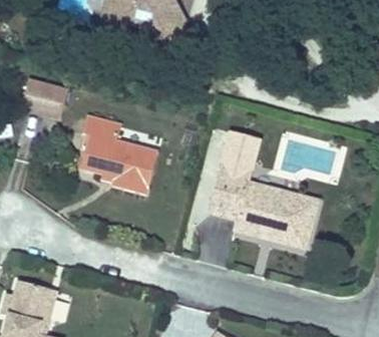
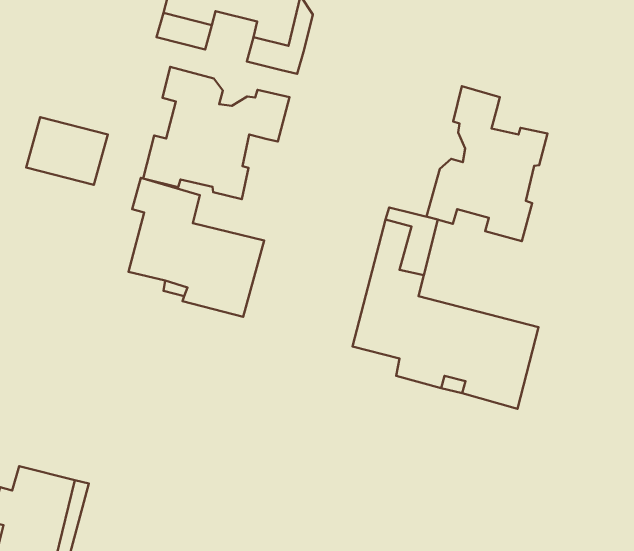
building: none -> [143,67,290,199]
building: none -> [427,86,547,241]

